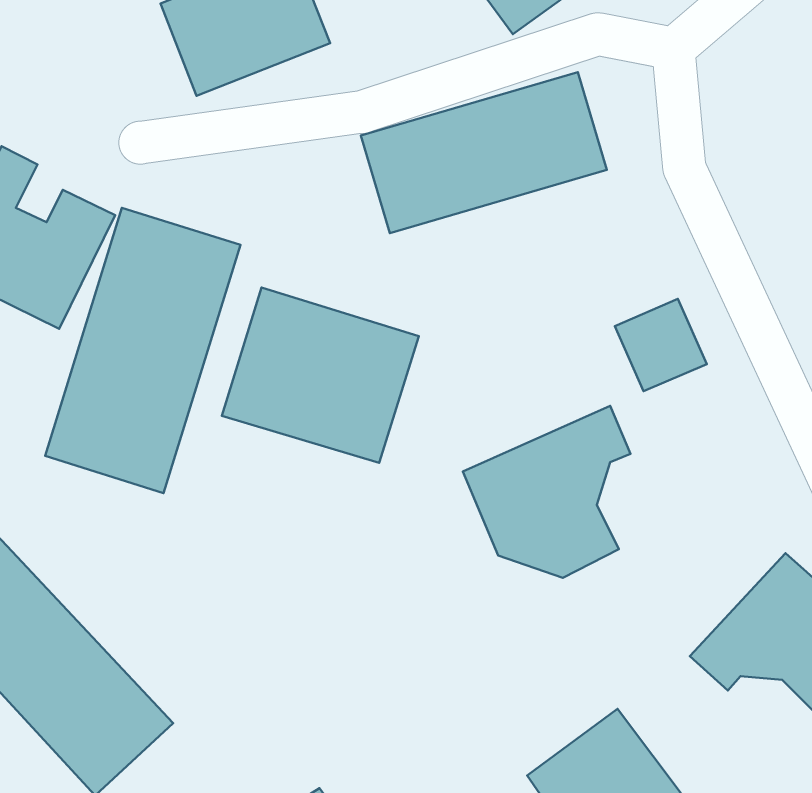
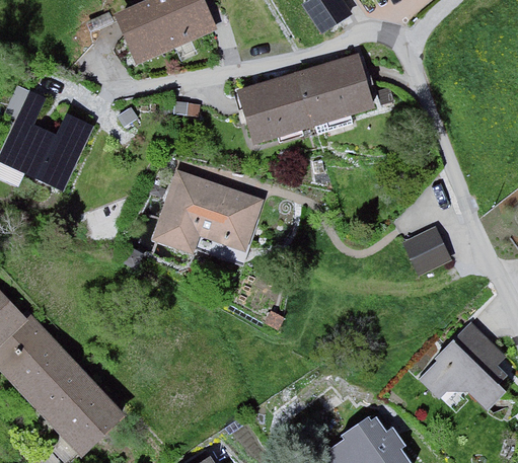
building: [45,208,240,493] -> none
building: [615,299,707,391] -> [398,226,450,278]
building: [463,406,631,578] -> none

